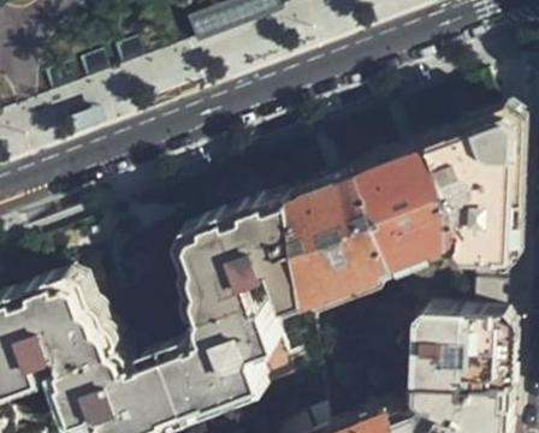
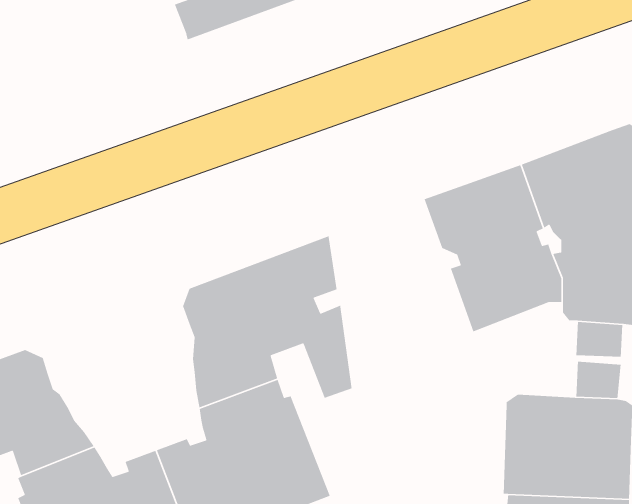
building: [286,167,391,306] -> none

